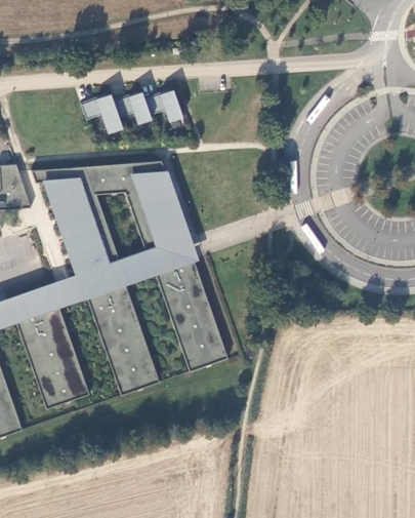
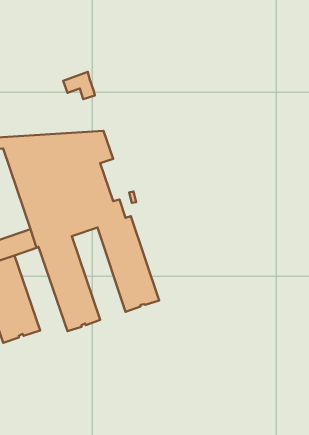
building: [147,89,184,121] -> none
building: [83,93,124,132] -> none
building: [159,193,196,262] -> none

